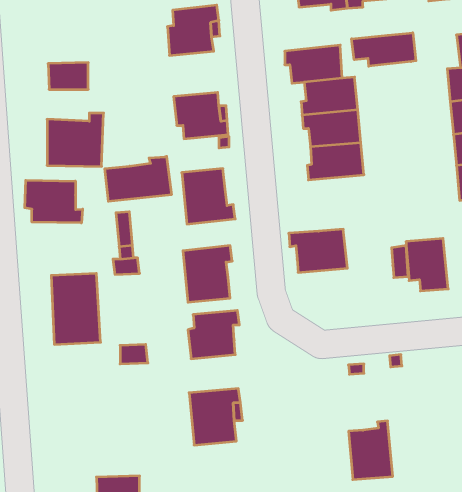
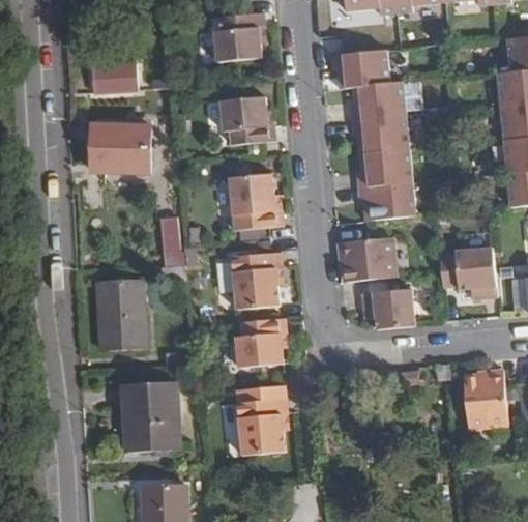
building: [352,33,416,66] -> none
building: [105,156,171,201] -> none
building: none -> [356,180,415,219]
building: [25,180,83,223] -> none
building: none -> [361,288,413,326]
building: none -> [123,381,180,452]
building: [349,421,393,480] -> [461,368,505,427]

